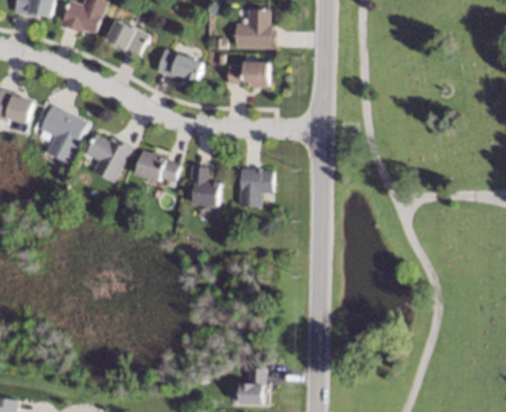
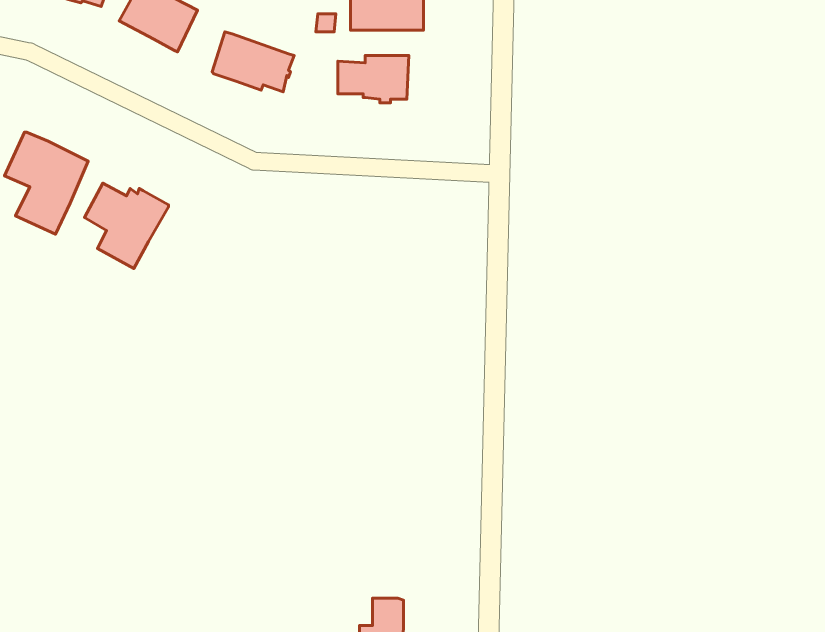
building: [134,150,180,182] -> none
building: [191,165,220,205] -> none
building: [238,167,273,207] -> none

